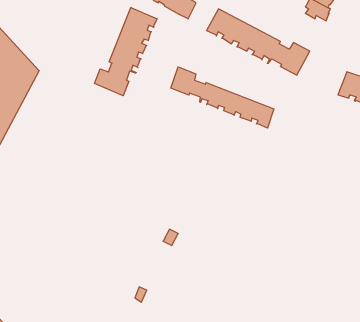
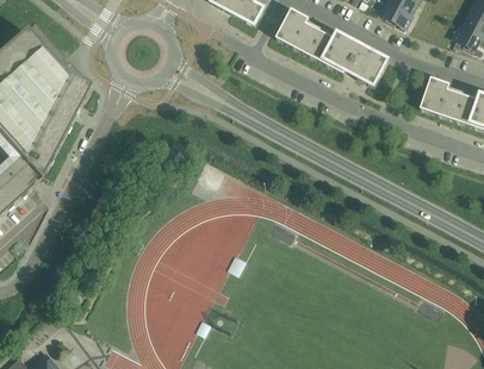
building: [95,7,157,96] -> none
building: [171,67,274,128] -> none

